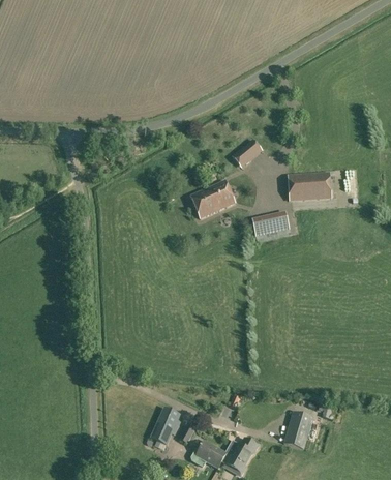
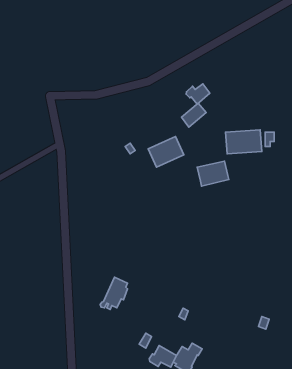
building: none -> [186,84,210,104]
building: [146,408,180,448] -> [100,277,128,310]
building: [283,411,313,450] -> none

